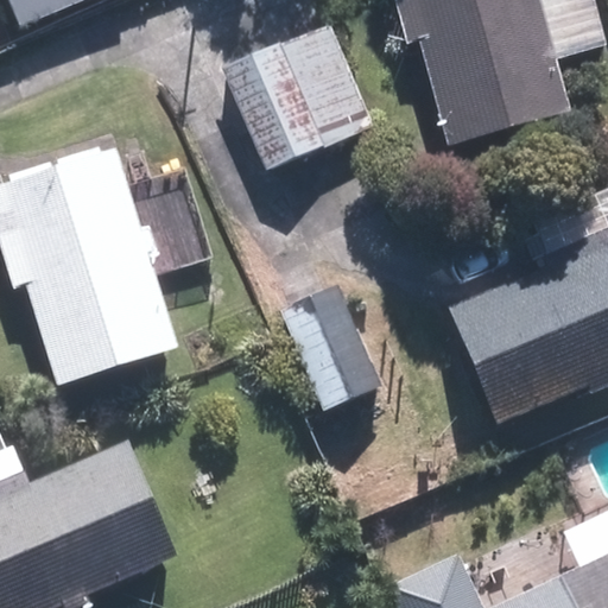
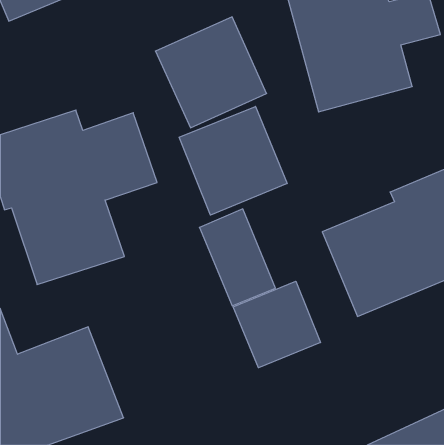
building: none -> [179,106,287,215]
building: none -> [233,281,320,368]

